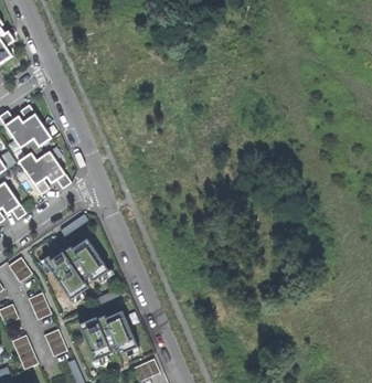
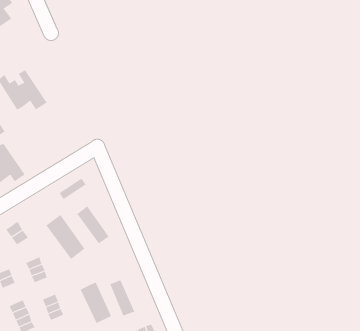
building: [17,138,70,194] -> none

